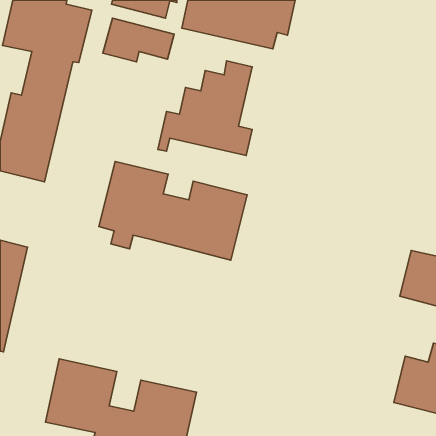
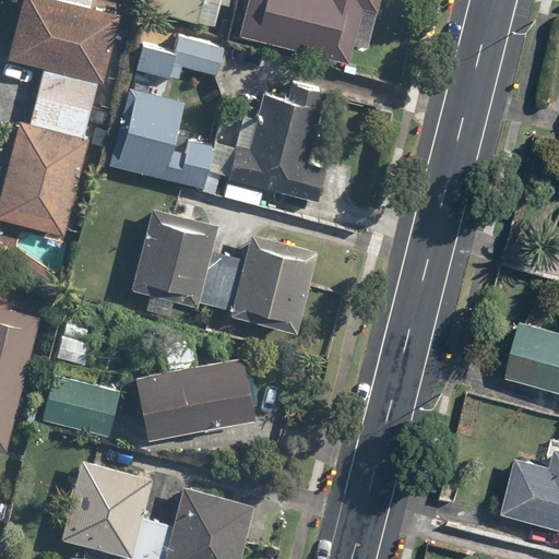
building: none -> [106,87,215,193]
building: none -> [134,355,254,442]
building: none -> [43,374,121,436]

